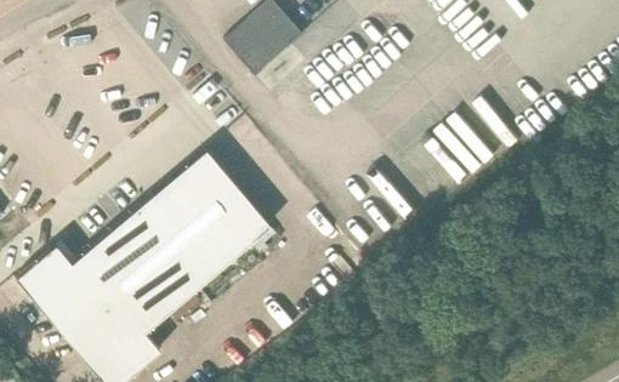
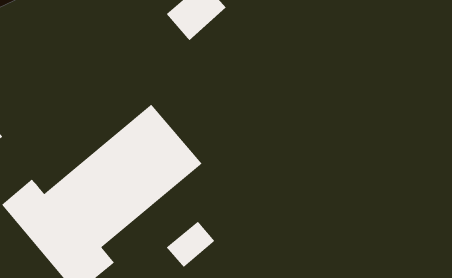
building: none -> [166,221,215,268]

